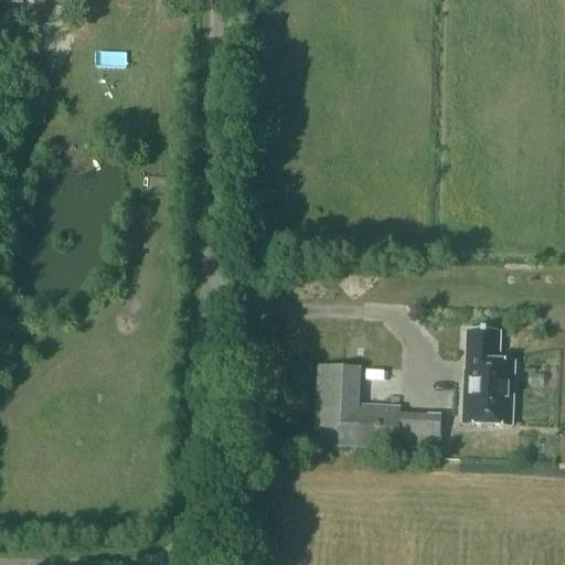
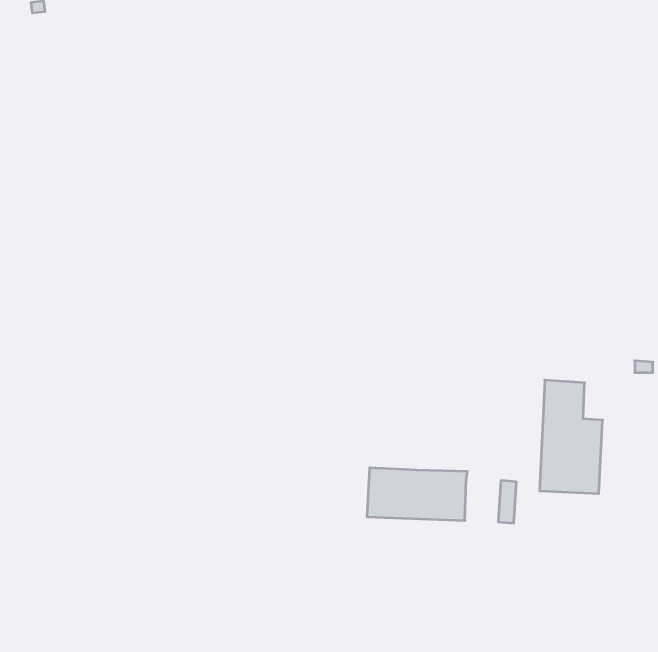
building: [317,363,360,403] -> none
building: [398,411,429,447] -> none

